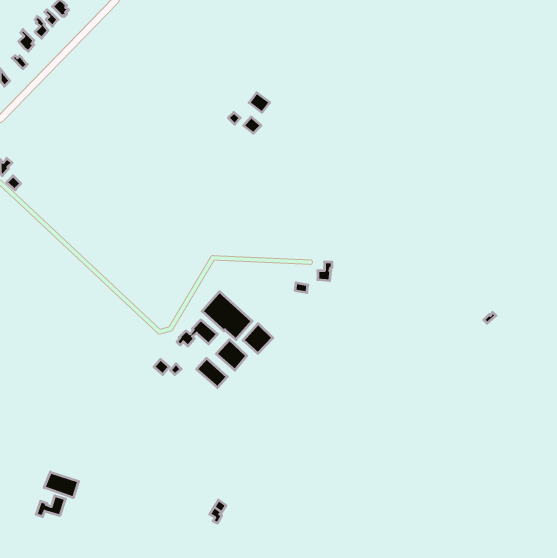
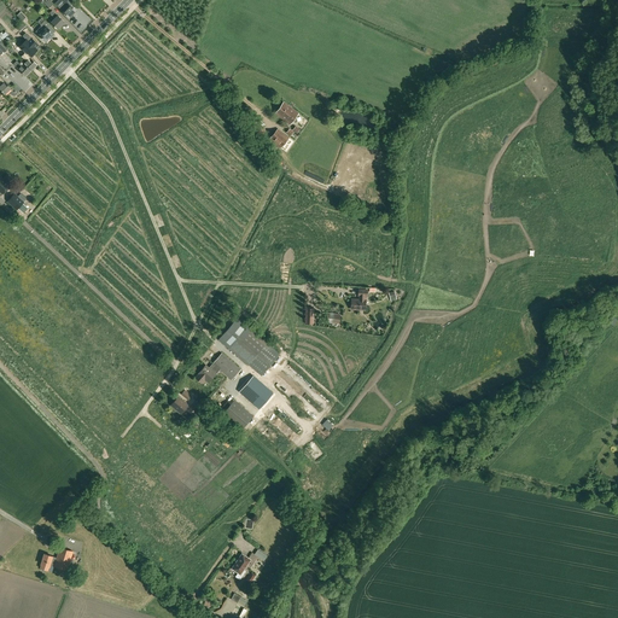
building: [243,324,273,353] -> none
building: [44,472,79,498] -> none

